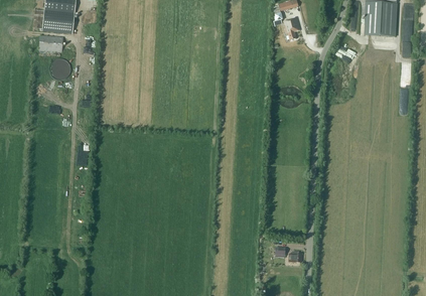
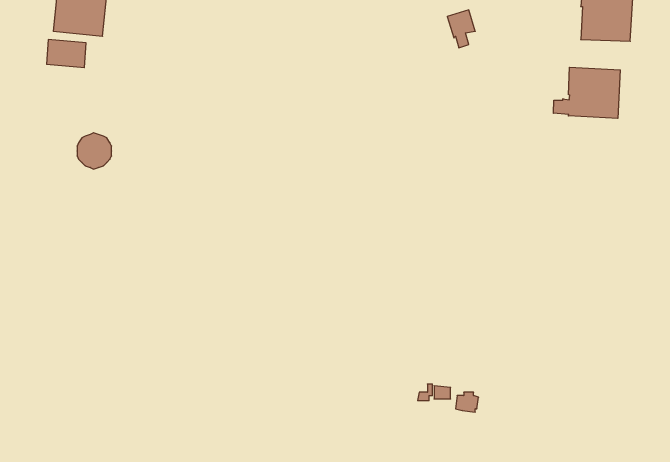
building: none -> [553,67,620,118]
building: [49,57,70,80] -> [77,133,112,169]

